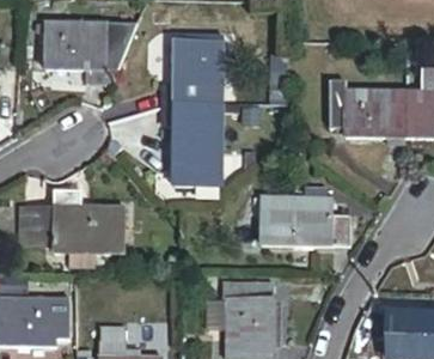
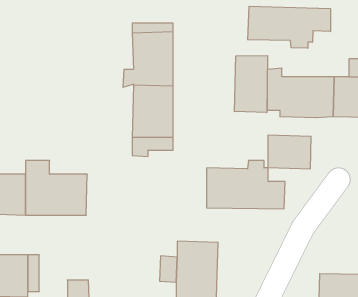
building: none -> [248,6,330,48]
building: [45,20,136,79] -> none
building: none -> [234,56,267,113]
building: none -> [268,135,311,169]

